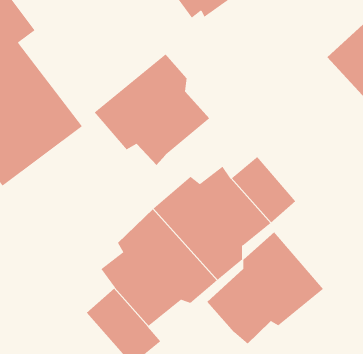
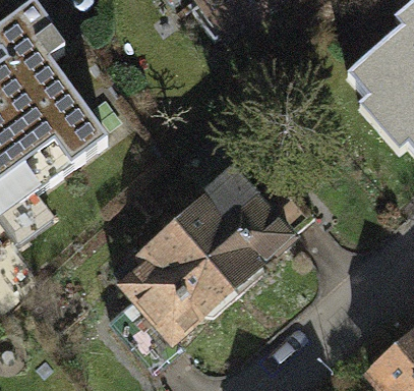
building: [94,54,210,166] -> none
building: [207,232,324,344] -> none

